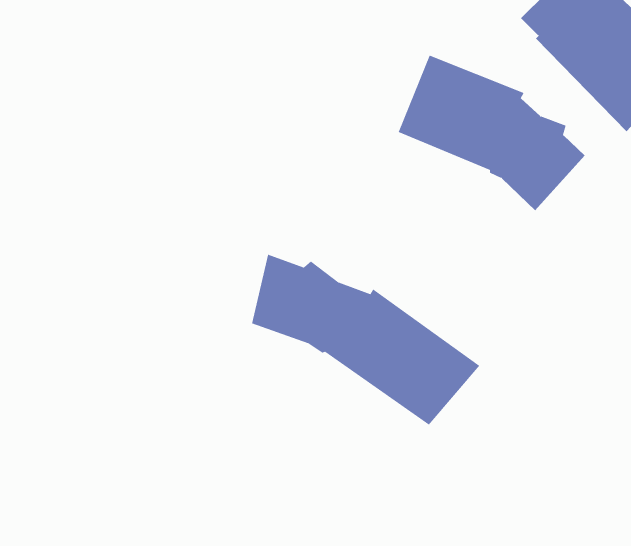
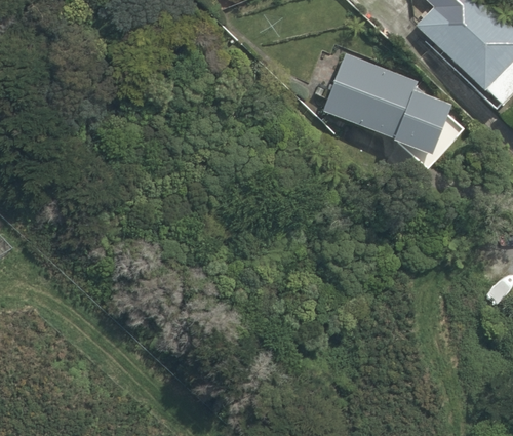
building: [251,254,480,426] -> none

